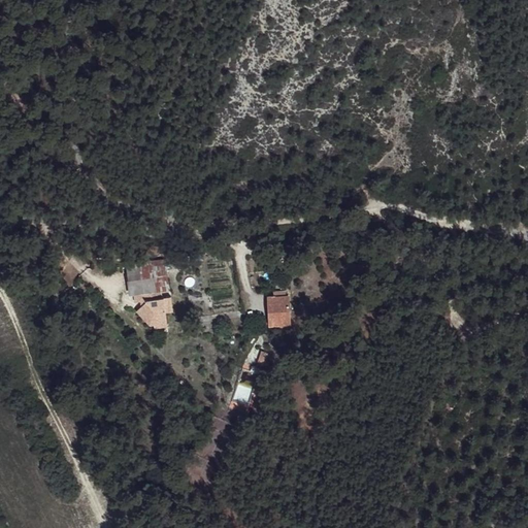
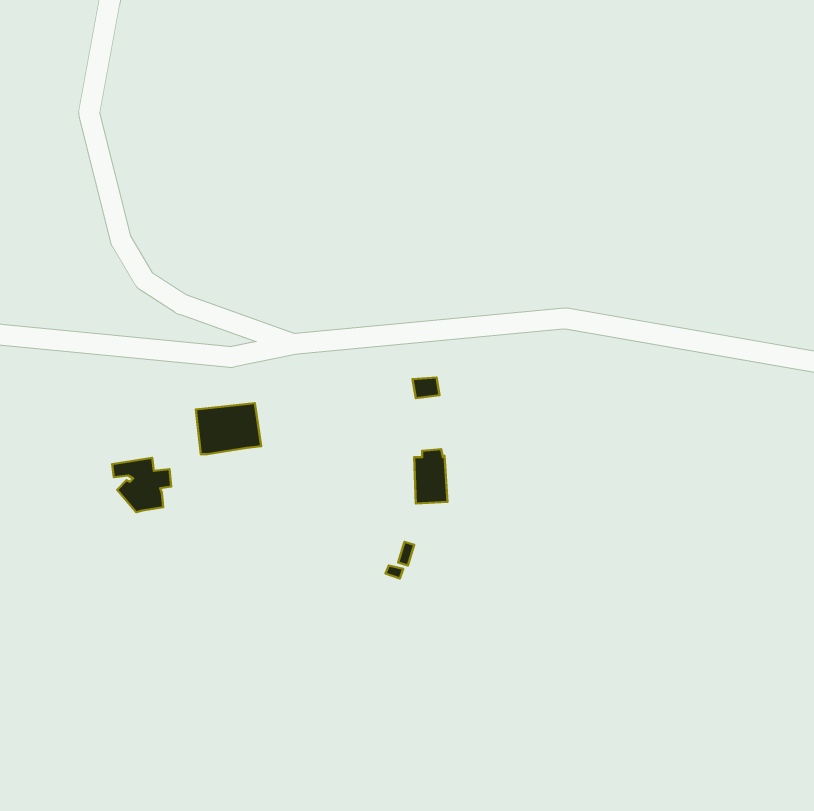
building: [134,292,172,327] -> [112,458,171,512]

